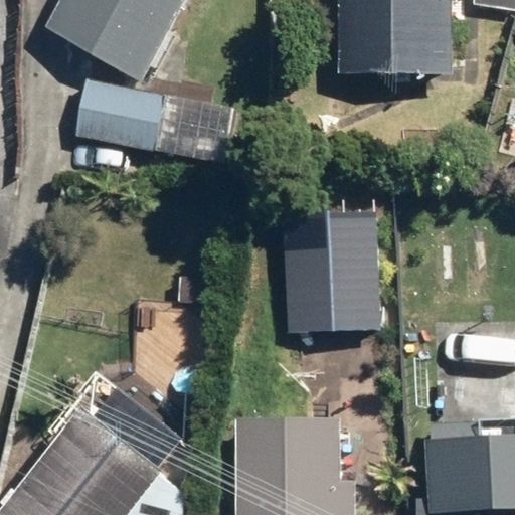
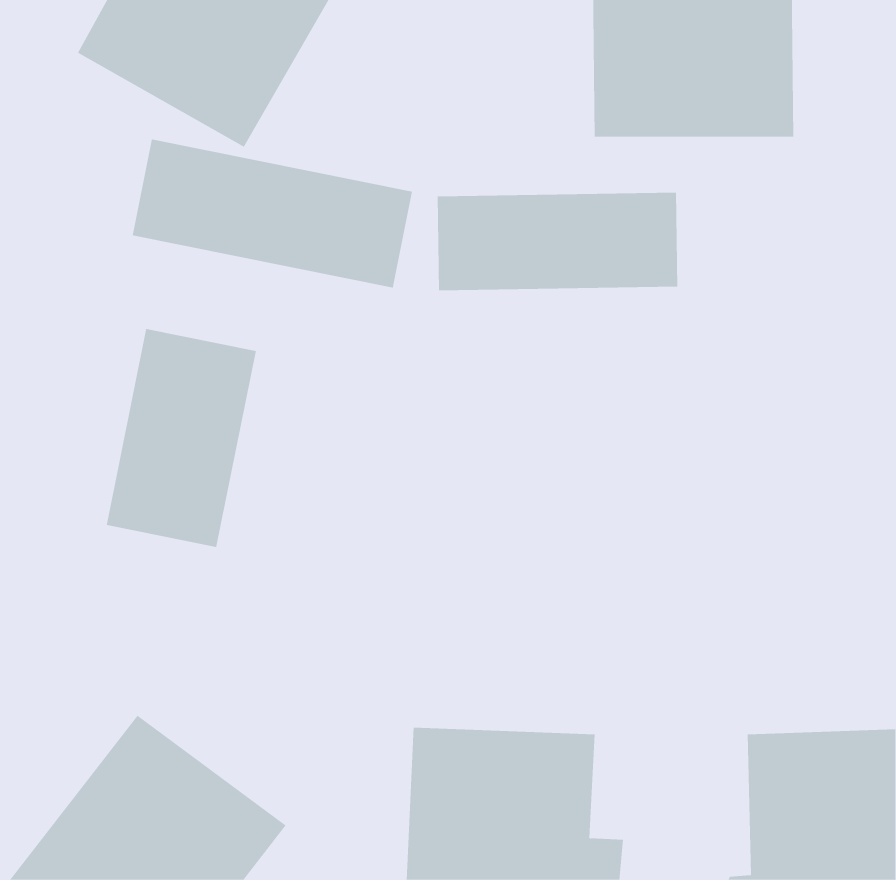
building: none -> [437,192,678,291]
building: none -> [106,328,256,548]
building: [282,211,381,335] -> none

